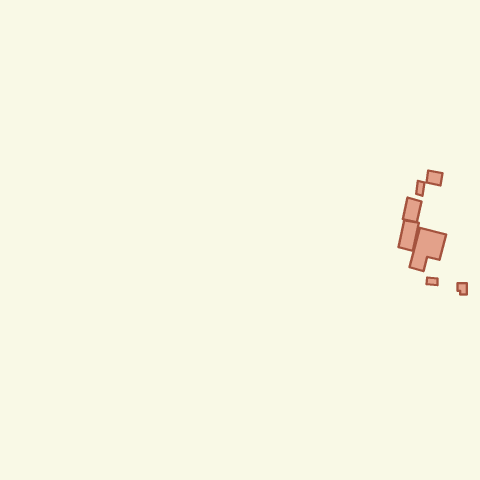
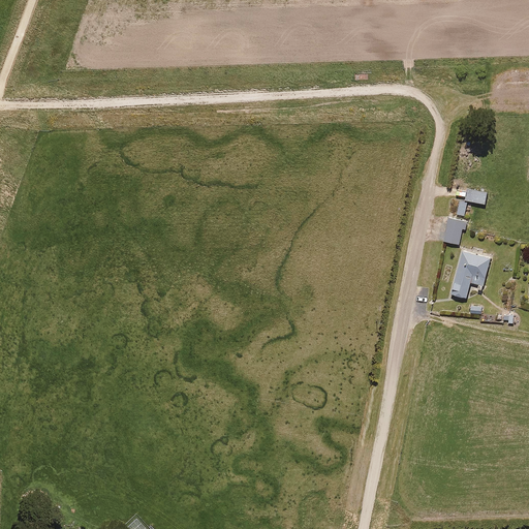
building: [399,220,419,251] -> none

